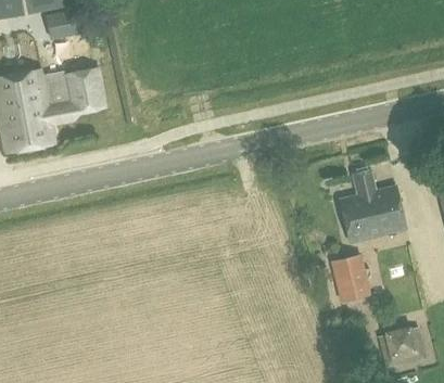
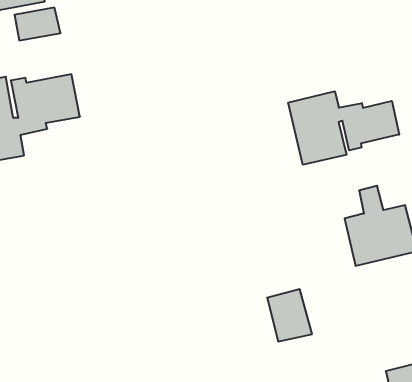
building: none -> [288,91,399,165]
building: [329,254,369,301] -> [267,289,312,341]

